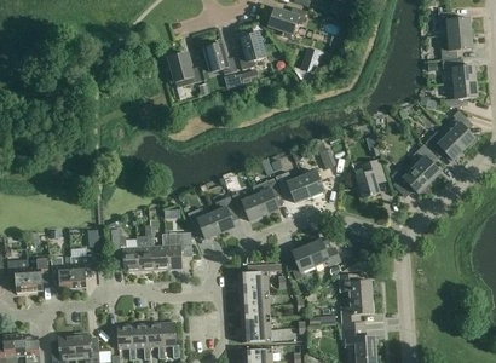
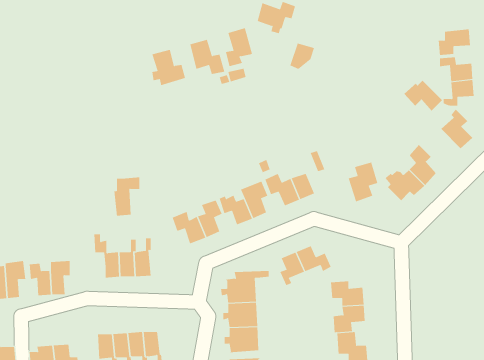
building: [438,11,472,35] -> none
building: [426,128,463,159] -> [404,80,443,111]
building: [166,231,191,269] -> [114,177,140,216]

